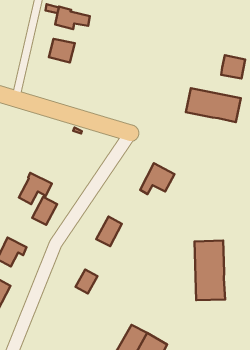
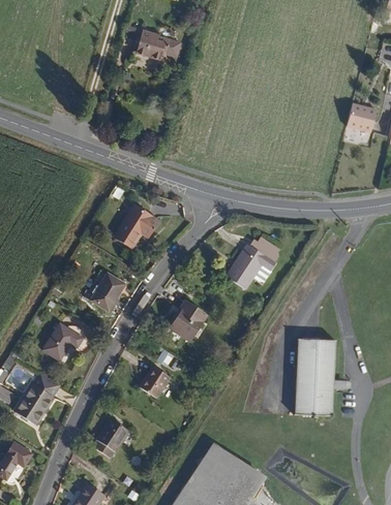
building: [49,39,75,63] -> none
building: [186,88,241,122] -> none
building: [19,173,52,204] -> [120,203,163,244]
building: none -> [91,416,132,459]

